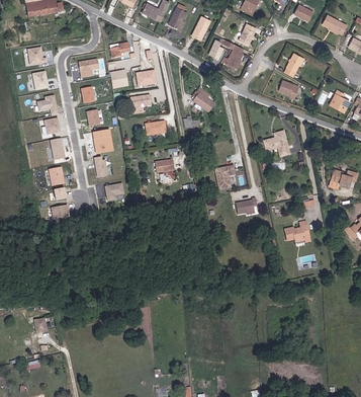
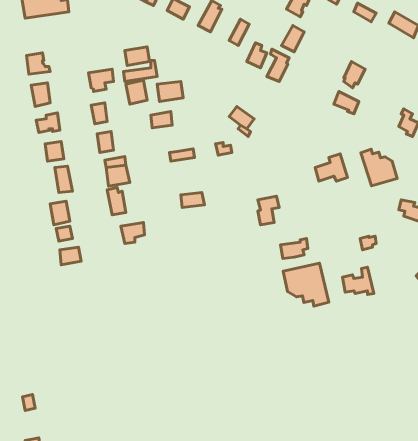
building: none -> [361,149,397,186]
building: none -> [283,263,329,306]

